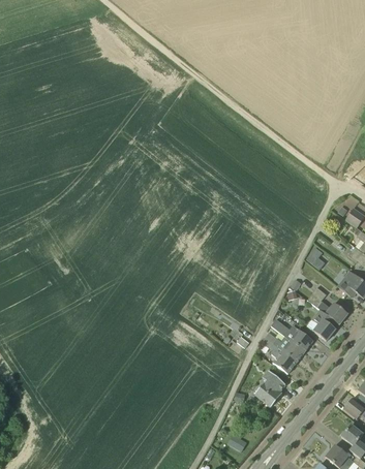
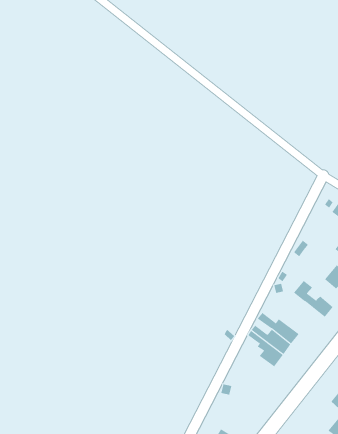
building: [311,308,336,340] -> none
building: [254,370,285,406] -> none

